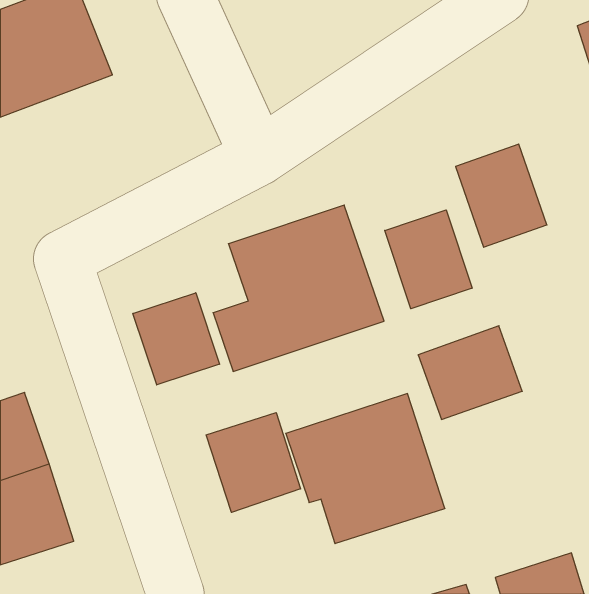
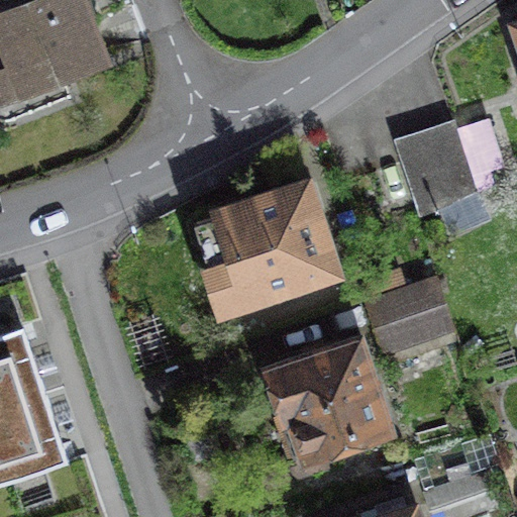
building: [385,210,472,309] -> none
building: [133,293,220,385] -> none
building: [206,413,301,512] -> none

